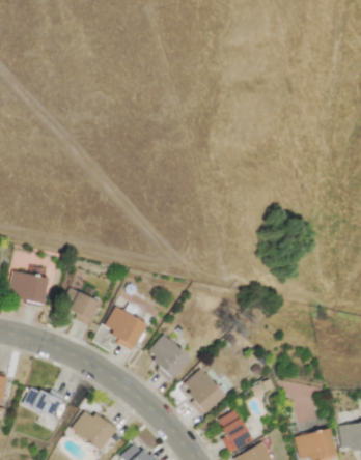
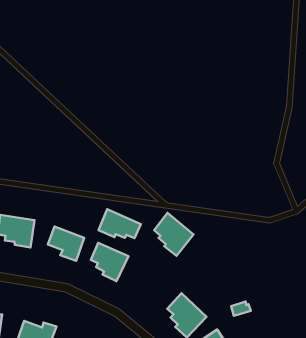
building: none -> [99,209,141,238]
building: [148,334,190,380] -> [154,213,193,256]

